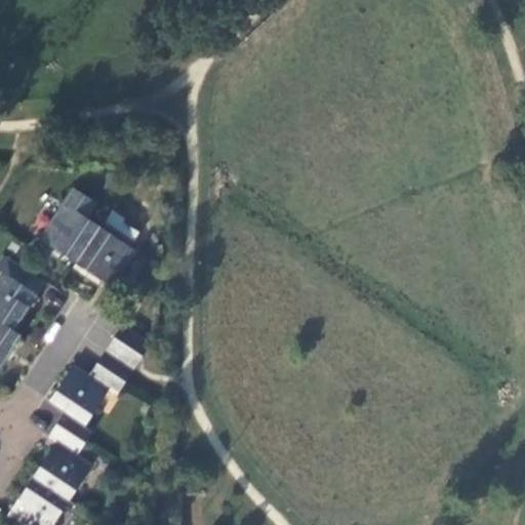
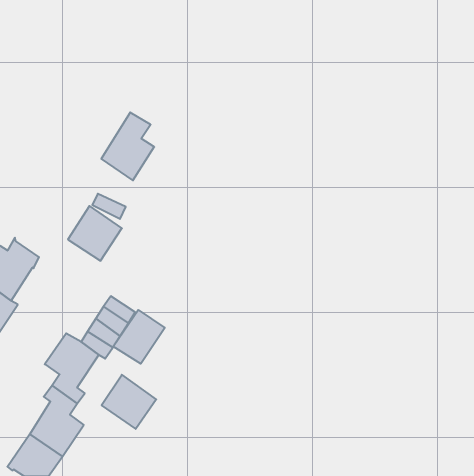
building: [40,189,98,264] -> [101,112,154,180]
building: none -> [113,310,165,364]
building: none -> [102,375,156,429]

